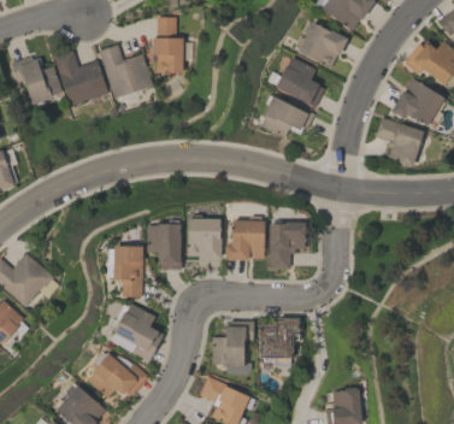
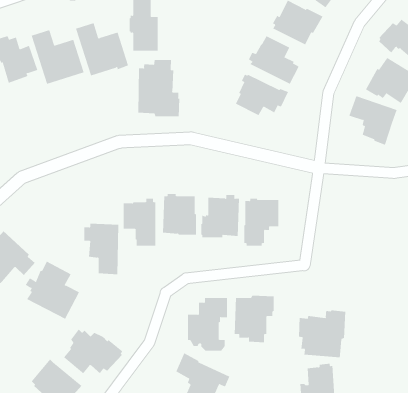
building: none -> [138,59,180,117]
building: [108,302,164,361] -> [25,261,80,320]
building: none -> [299,309,346,358]

